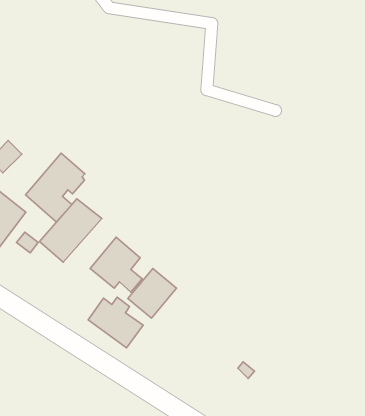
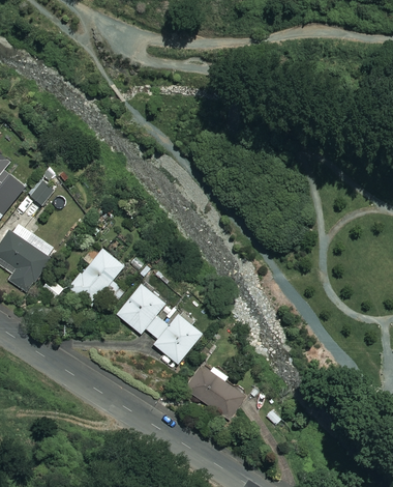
building: [25,153,85,222] -> none
building: [88,297,143,348] -> [186,366,241,417]

